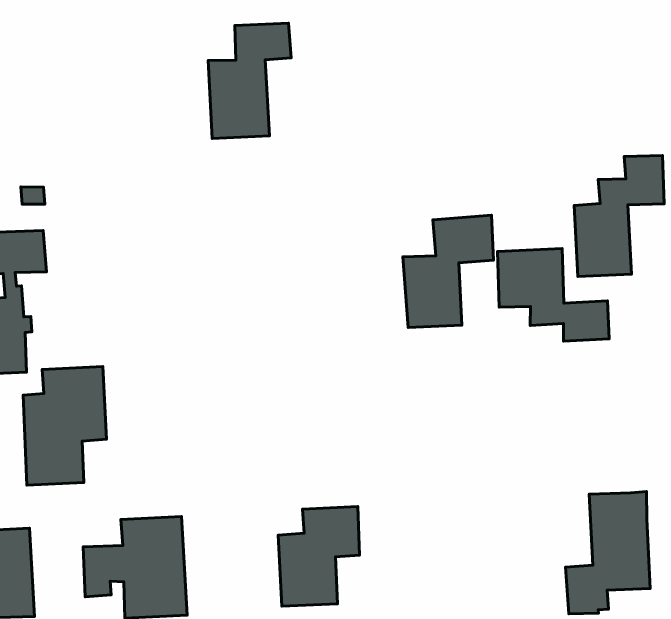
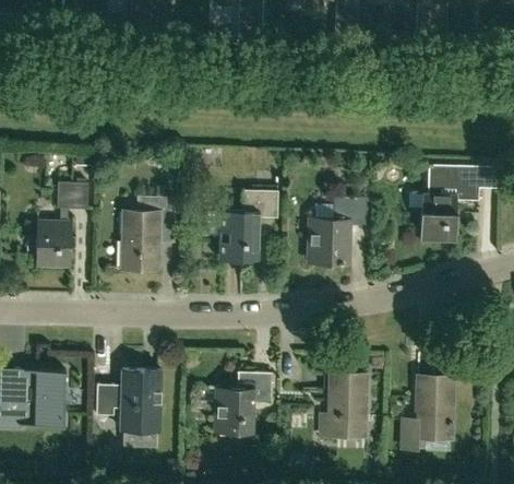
building: [208,23,291,138] -> [224,189,277,260]
building: [498,249,609,341] -> none
building: [23,367,106,485] -> [122,194,176,268]
building: none -> [321,375,366,435]

